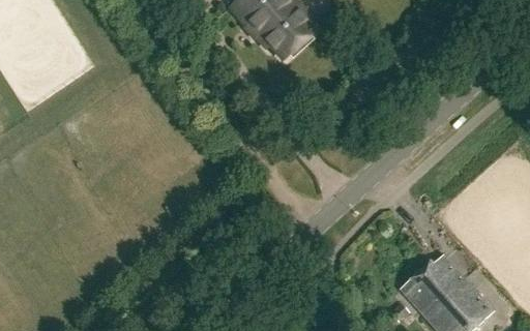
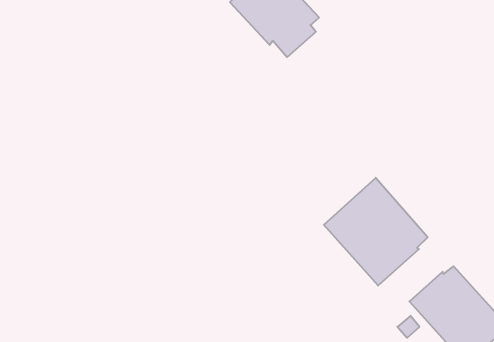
building: none -> [324,178,428,286]

